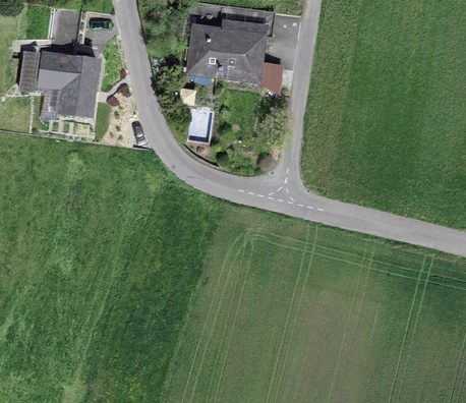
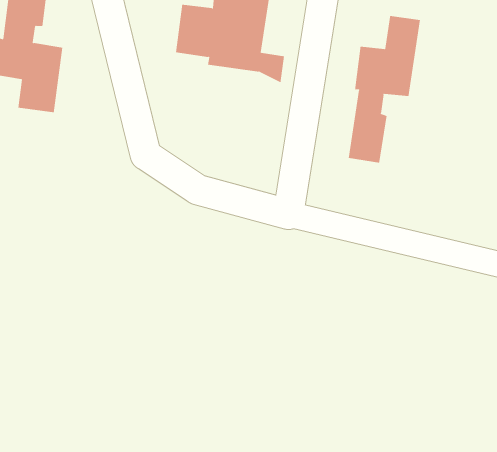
building: none -> [348,15,420,164]

